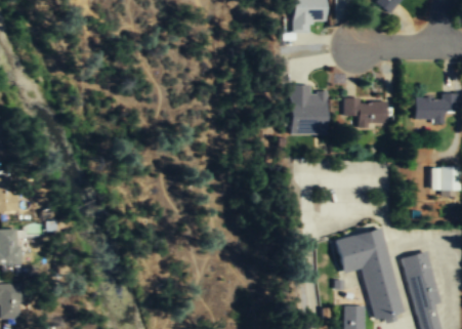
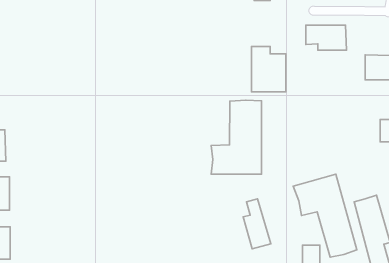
building: [343,98,388,126] -> [306,25,346,50]
building: none -> [211,100,262,174]
building: none -> [243,199,271,249]

